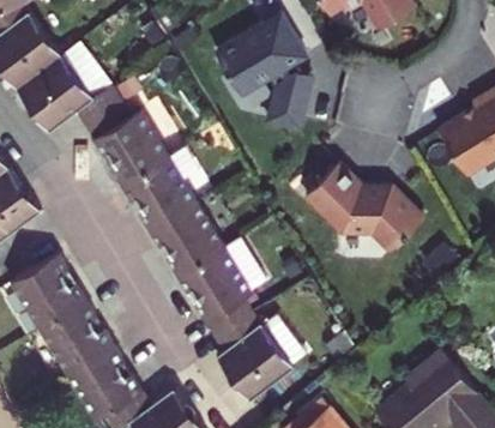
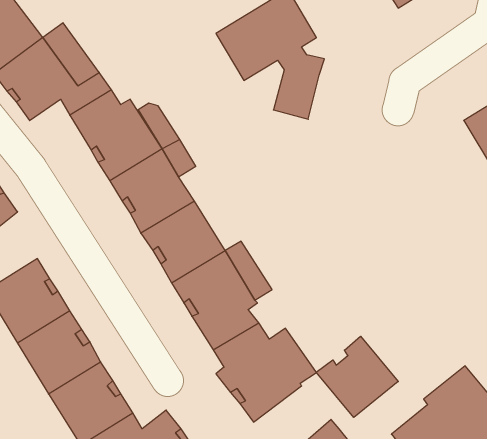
building: [306,162,423,252] -> none
building: none -> [316,336,398,417]

